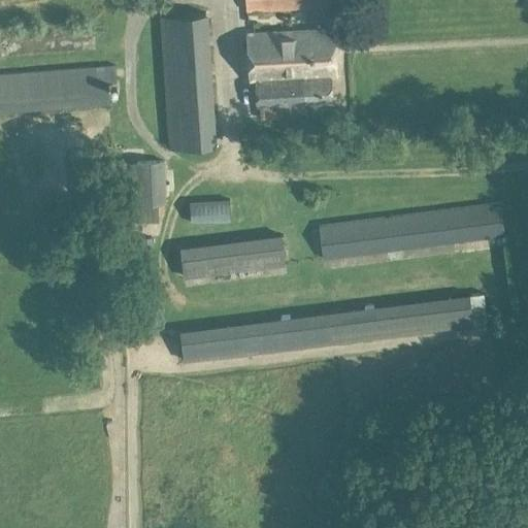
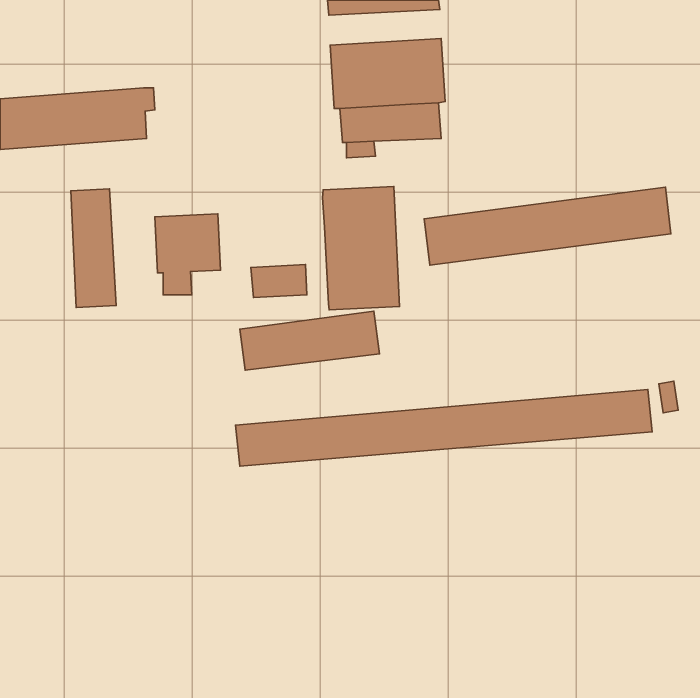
building: [164,12,211,144] -> none
building: none -> [323,187,400,310]
building: none -> [71,189,116,308]
building: [319,204,504,263] -> [424,187,671,265]

